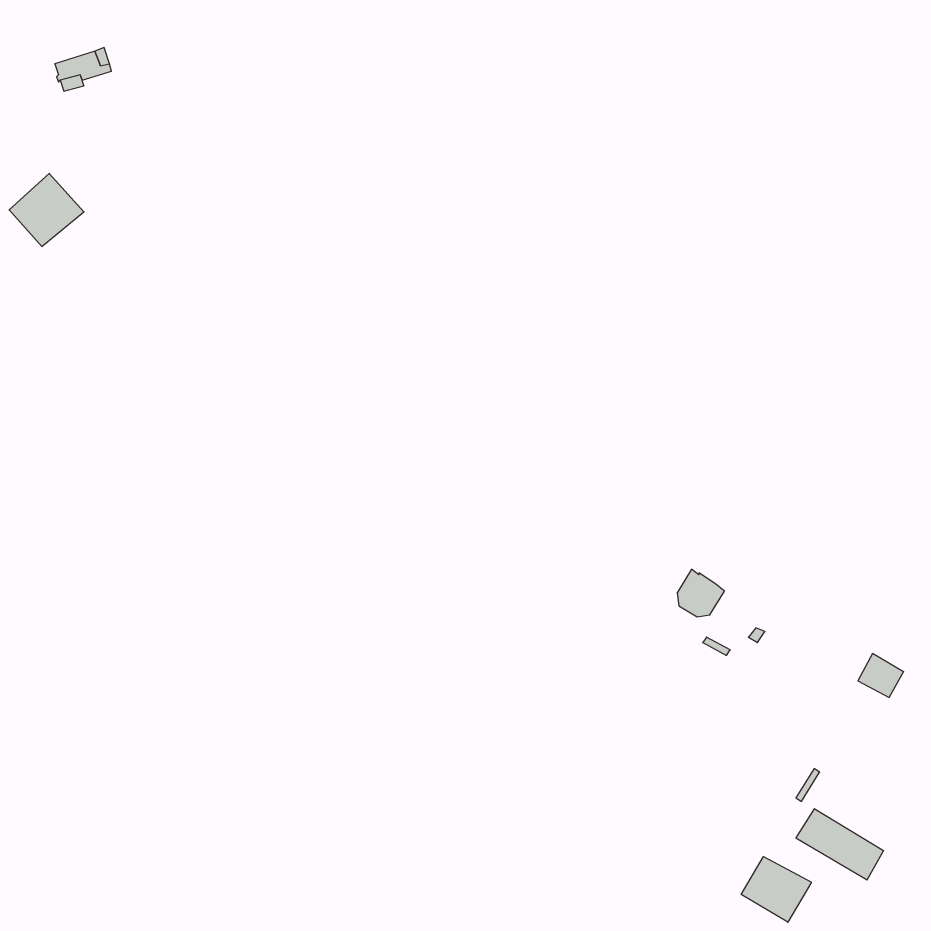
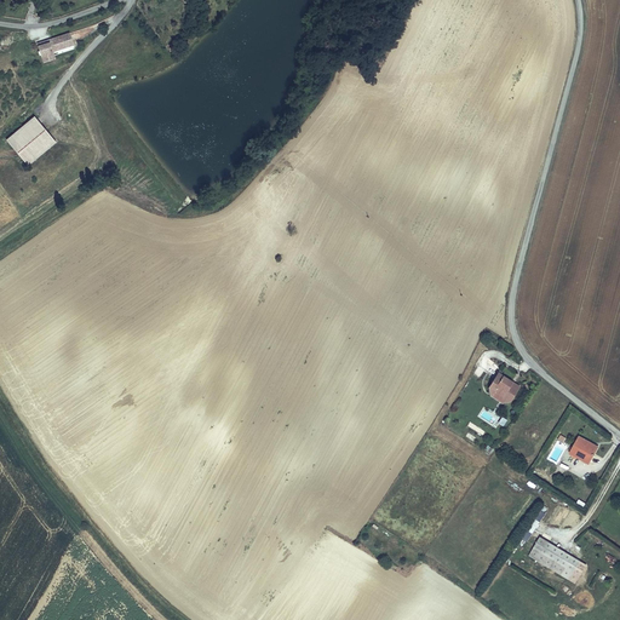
building: [677,569,724,617] -> [488,372,519,403]
building: [741,857,811,922] -> none

